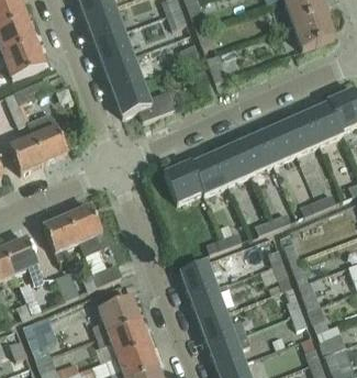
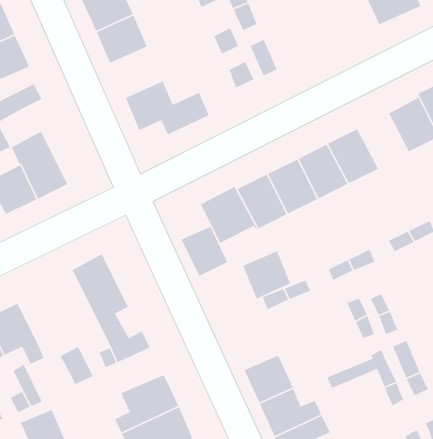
building: [103,54,142,90] -> none
building: [282,112,319,153] -> none
building: none -> [181,226,228,277]
building: [43,214,79,259] -> none
building: [180,259,215,294] -> [242,250,291,299]

